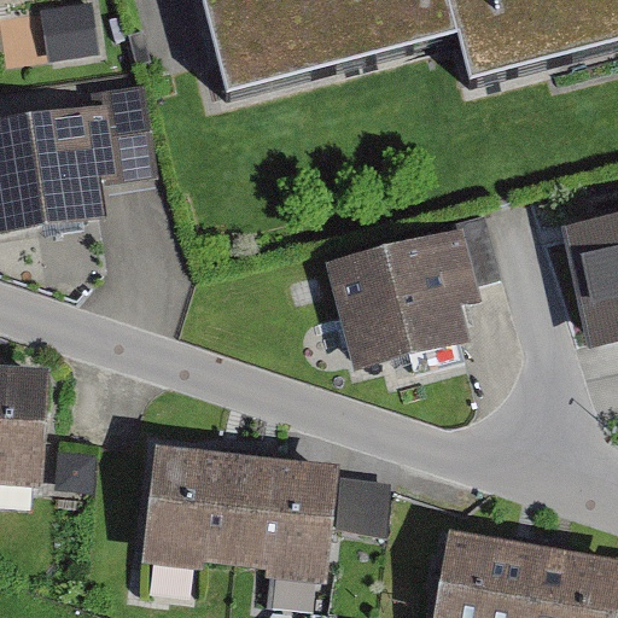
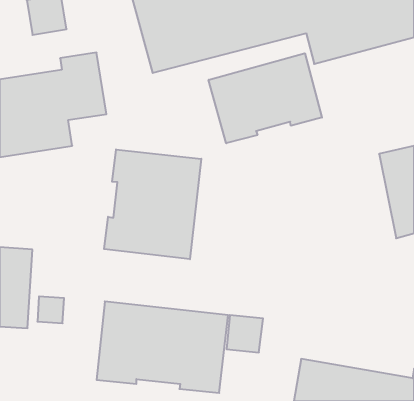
building: none -> [209,53,322,143]
building: [322,205,502,371] -> none
building: none -> [104,149,201,259]

